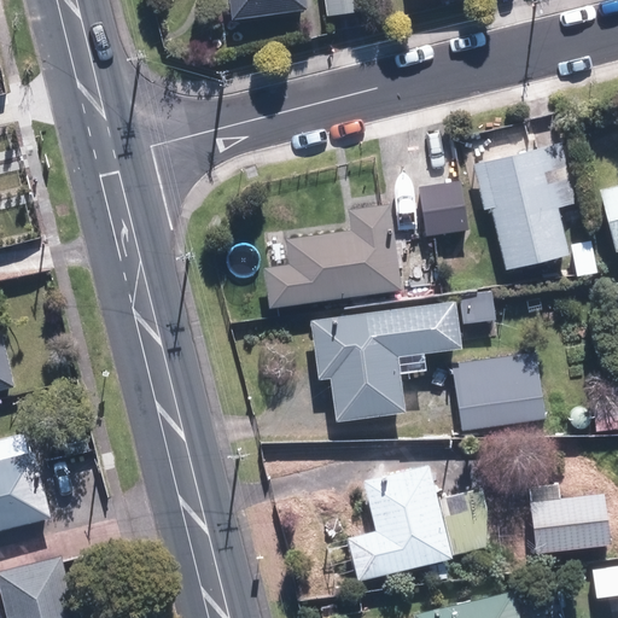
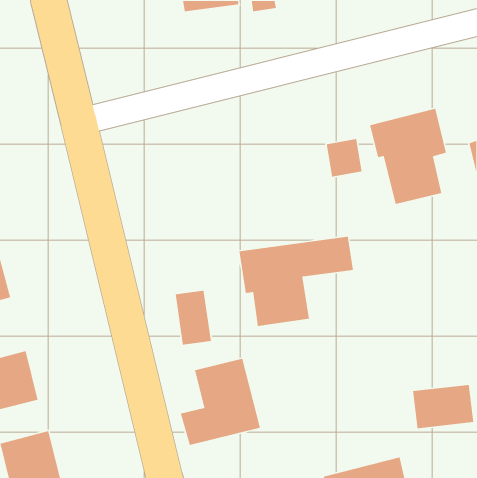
building: [264,204,402,304] -> none
building: [453,360,541,431] -> none
building: none -> [175,290,212,345]
building: [349,464,453,577] -> [180,358,261,446]

